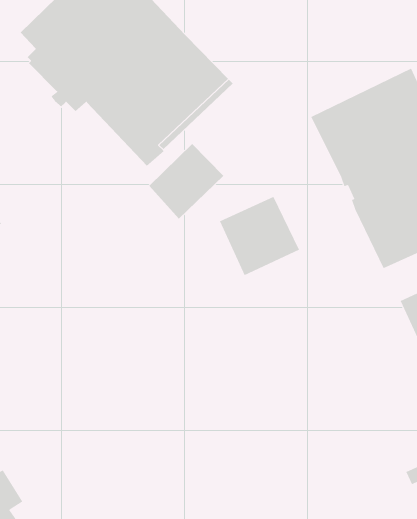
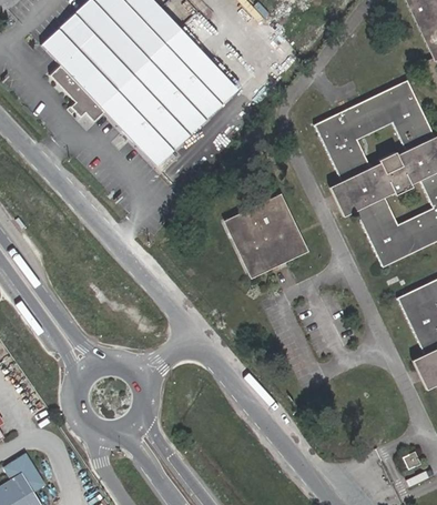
building: [148,143,224,219] -> none
building: none -> [328,181,355,216]

